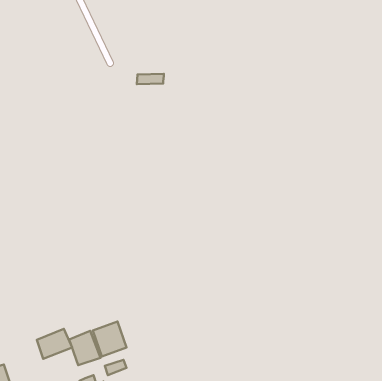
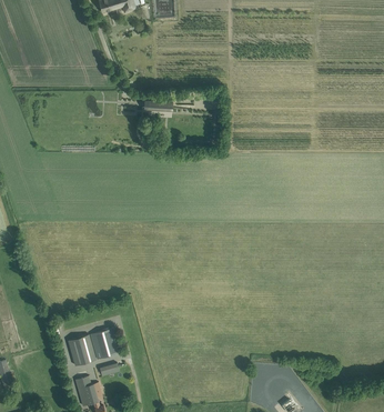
building: [37,329,72,359] -> none

